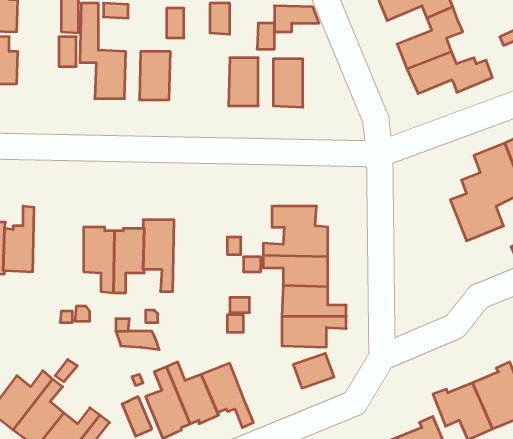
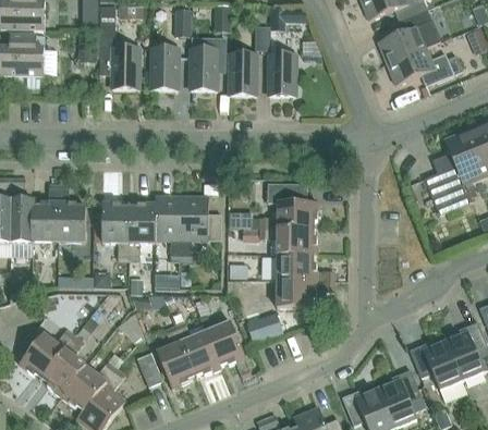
building: none -> [191,39,218,89]
building: none -> [58,184,85,241]
building: none -> [181,195,221,258]
building: [293,353,334,388] -> [247,311,283,342]

